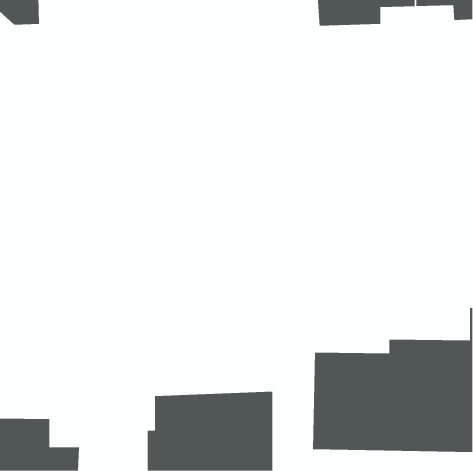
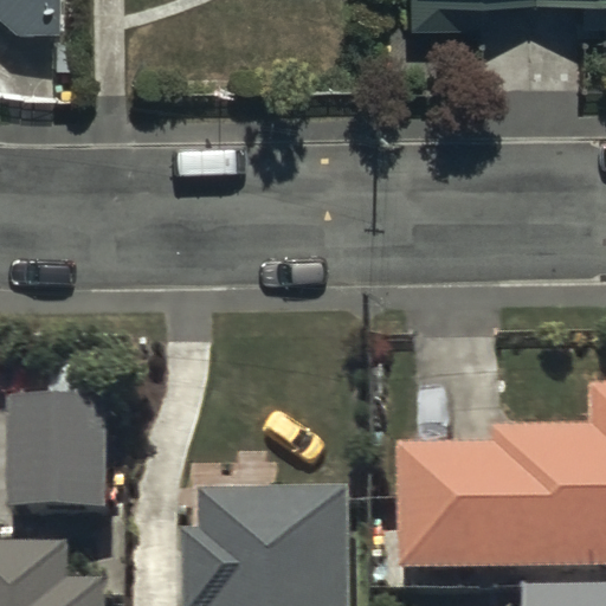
building: none -> [5,391,104,505]

